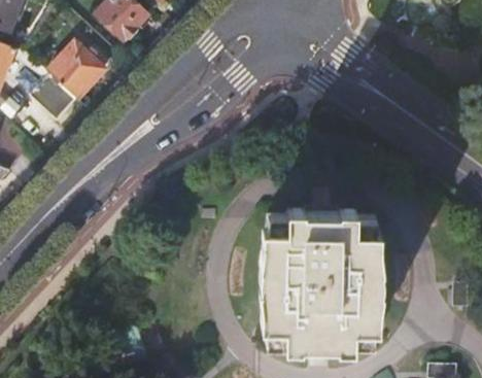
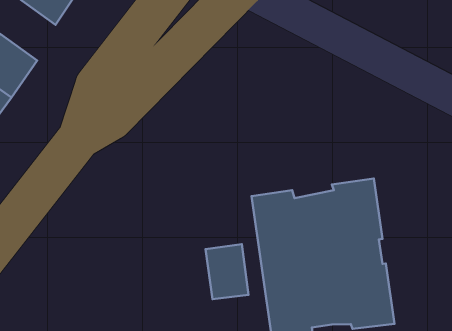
building: none -> [205,244,248,299]

